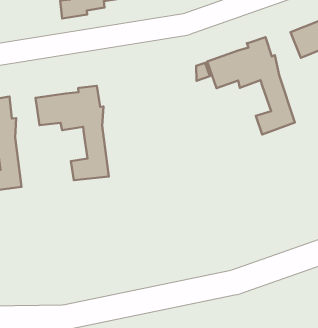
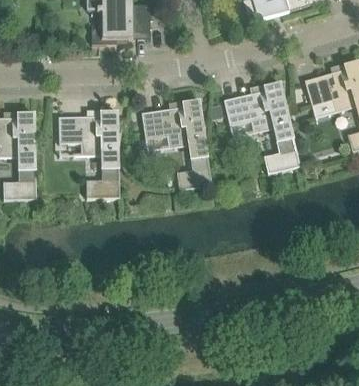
building: none -> [141,100,211,190]

